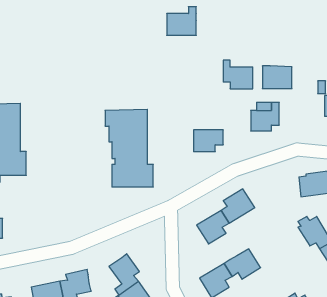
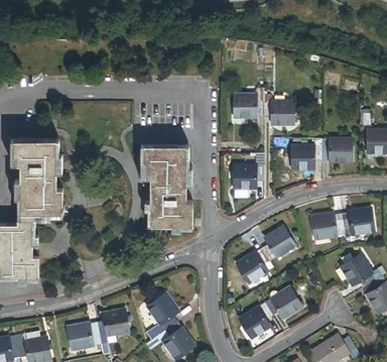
building: [167,7,196,35] -> [234,88,264,117]
building: [262,66,292,89] -> [321,138,352,161]
building: none -> [312,214,345,240]

